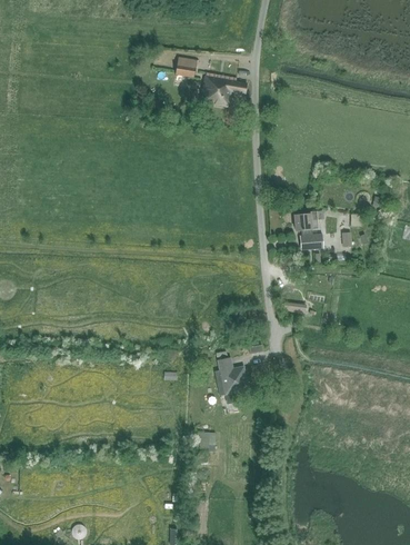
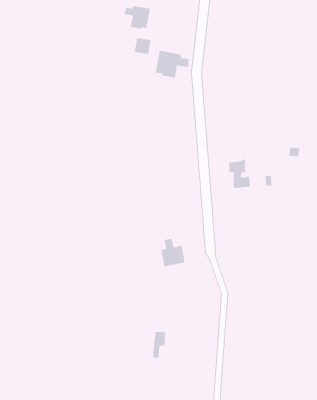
building: none -> [124,5,150,30]
building: [214,356,247,393] -> [160,238,186,267]

